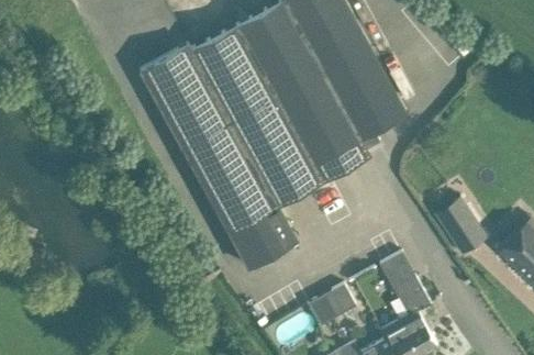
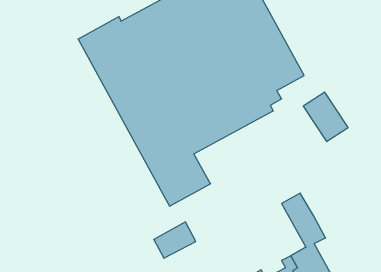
building: [435,197,488,255] -> [303,92,348,142]
building: [308,284,357,326] -> [154,222,196,258]

